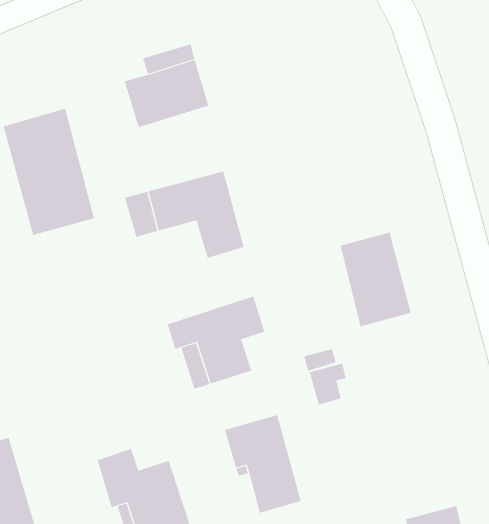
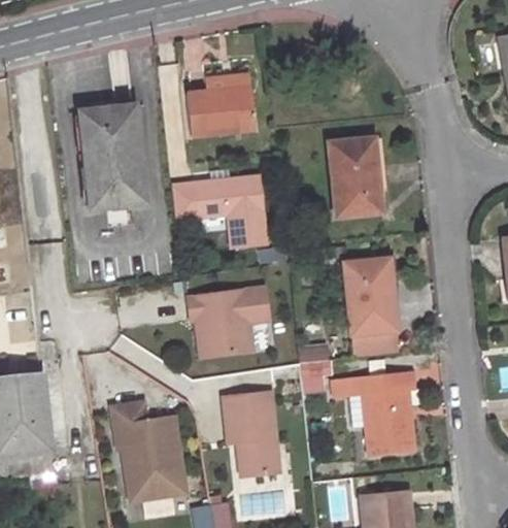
building: none -> [330,138,382,218]
building: none -> [353,327,396,355]
building: none -> [332,369,414,453]

